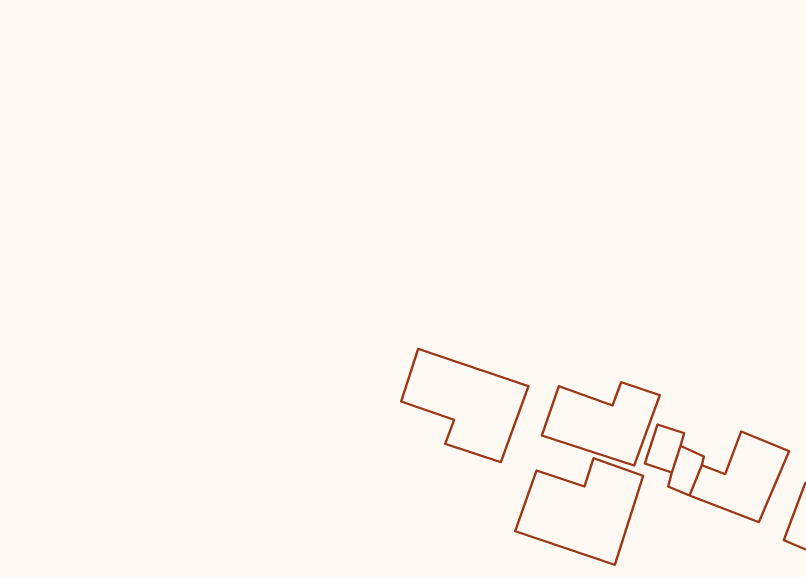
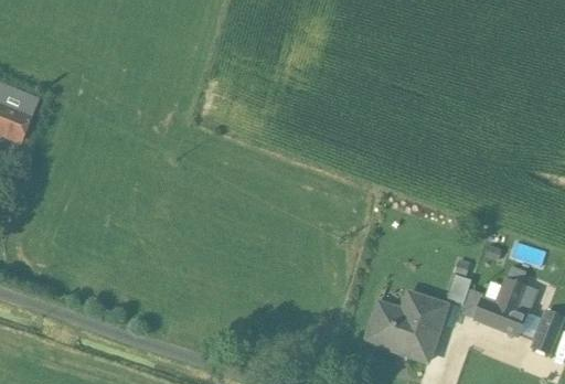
building: [401,349,529,462] -> none
building: [542,382,660,465] -> none

